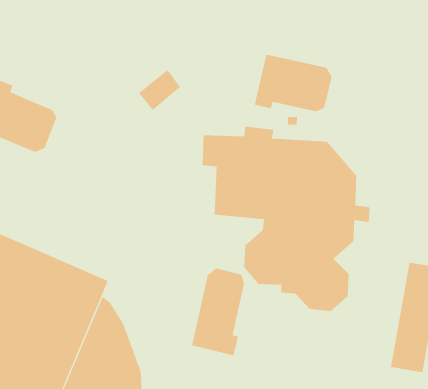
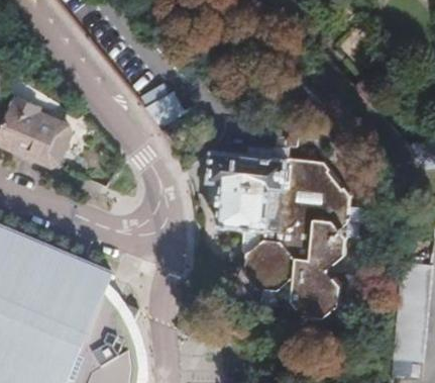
building: [254,54,332,112] -> none
building: [192,268,244,356] -> none

